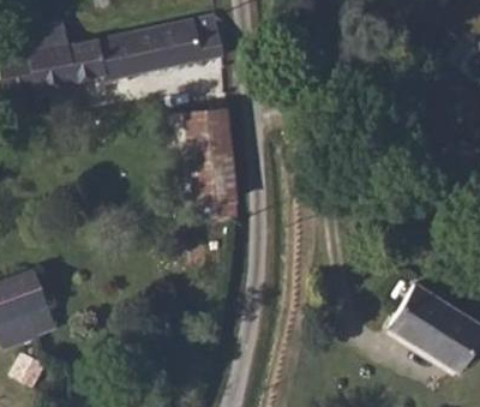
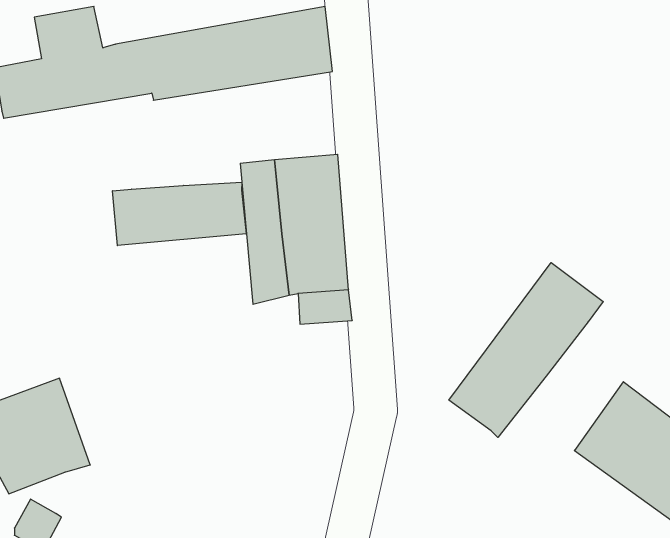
building: none -> [113,182,246,246]
building: none -> [449,263,603,437]

